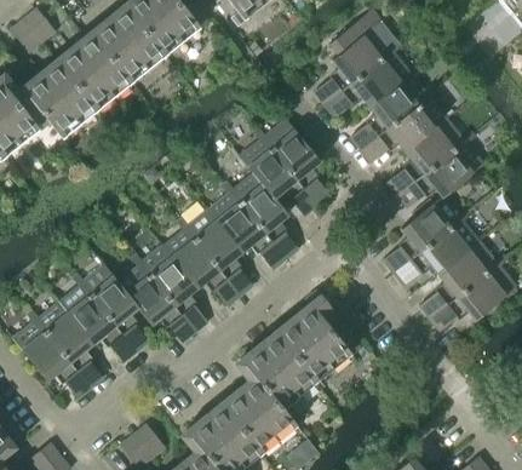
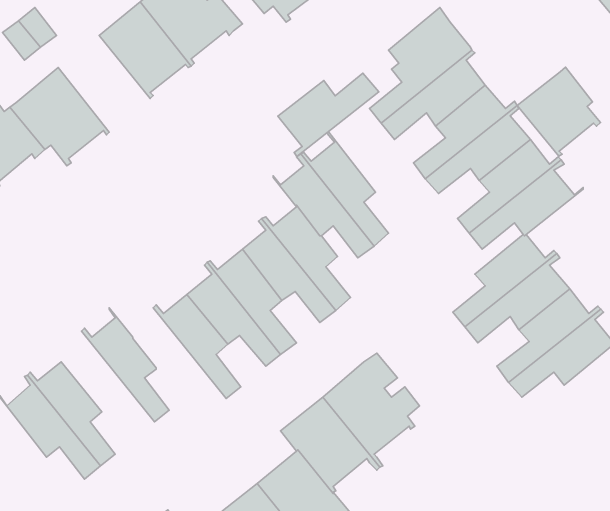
building: [56,31,132,111] -> none
building: none -> [517,67,600,156]
building: none -> [278,73,379,157]
building: [117,257,195,343] -> none
building: [58,276,136,362] -> none

